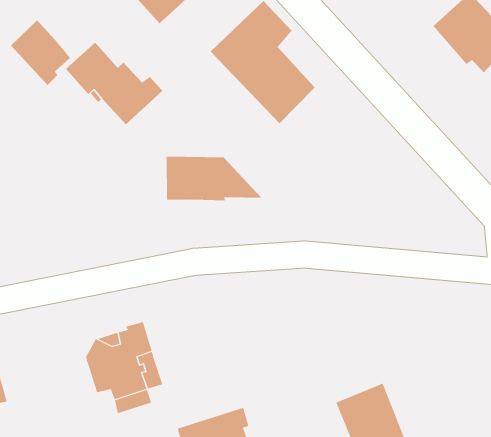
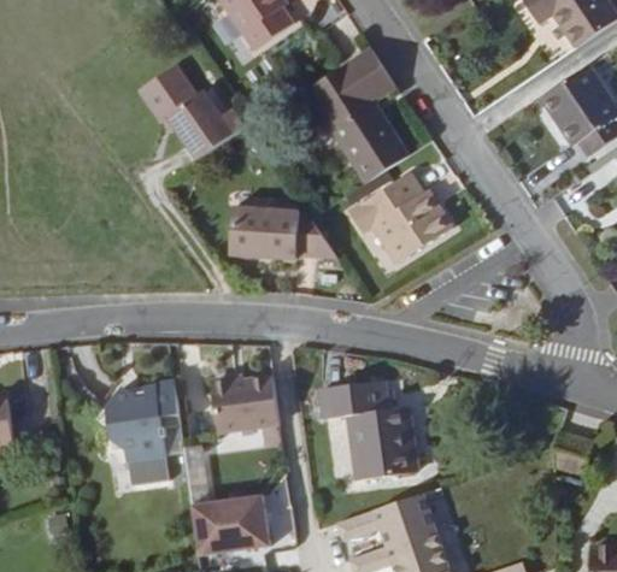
building: [10,19,71,86] -> none
building: none -> [351,176,454,269]
building: none -> [325,377,417,472]
building: none -> [216,378,284,435]

